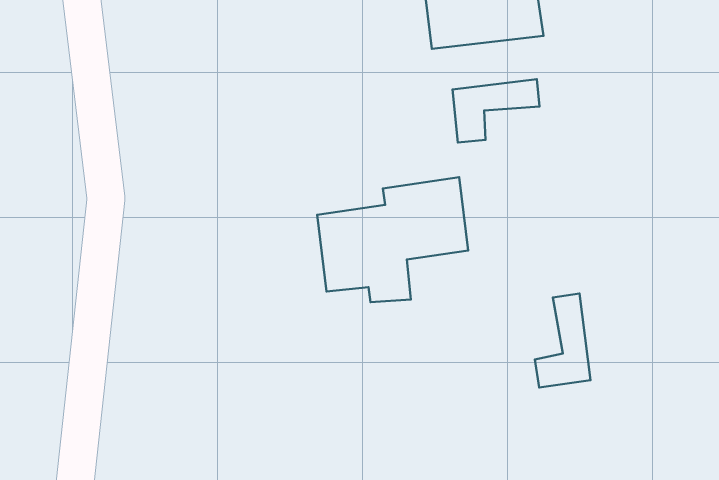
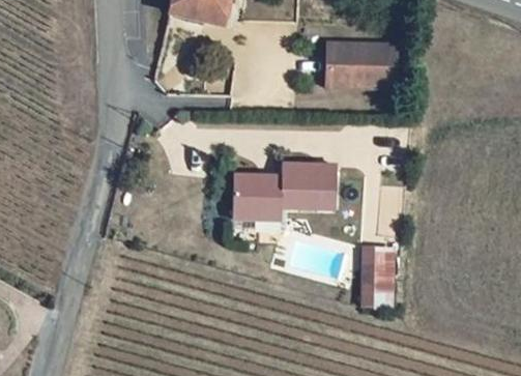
building: [452,79,540,143] -> none

